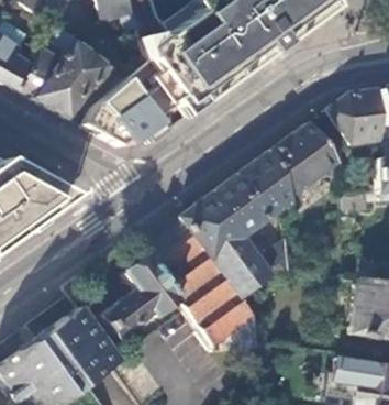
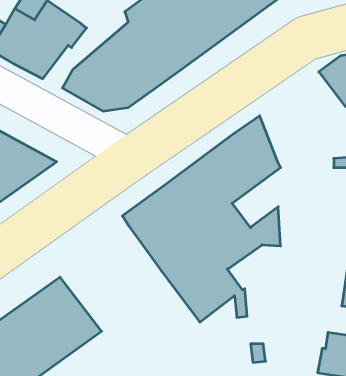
building: [271,120,337,195] -> none
building: [103,255,178,337] -> none

